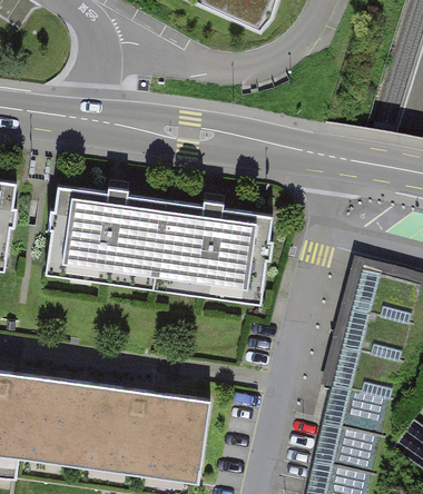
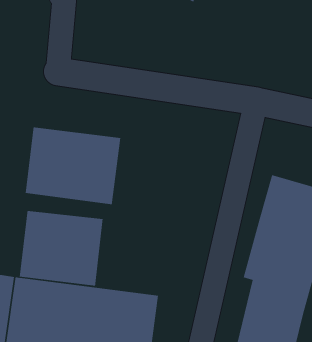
building: [156,204,276,300] -> none
building: none -> [19,210,103,287]

